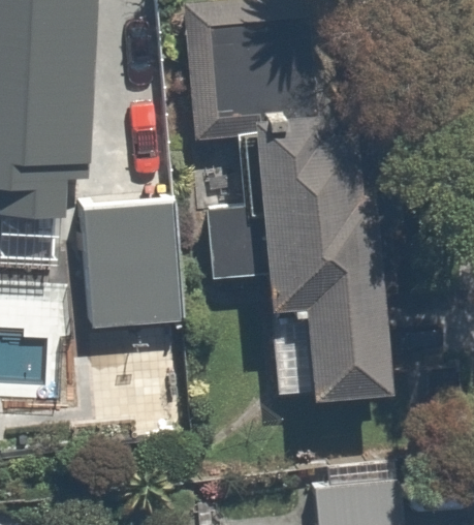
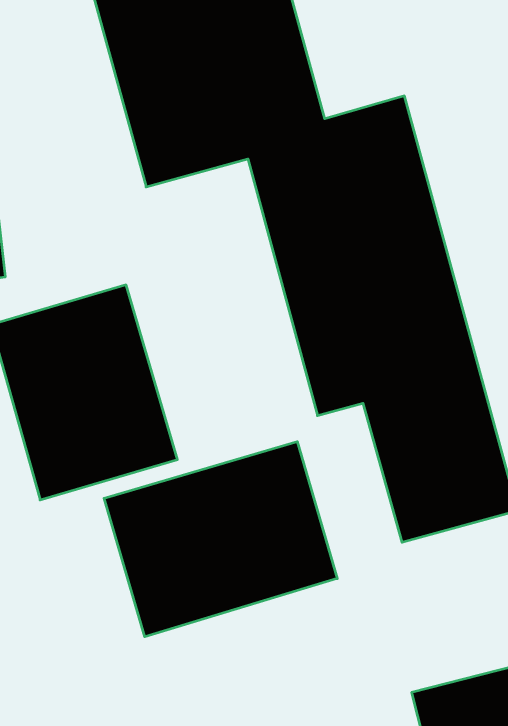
building: none -> [104,442,337,637]

